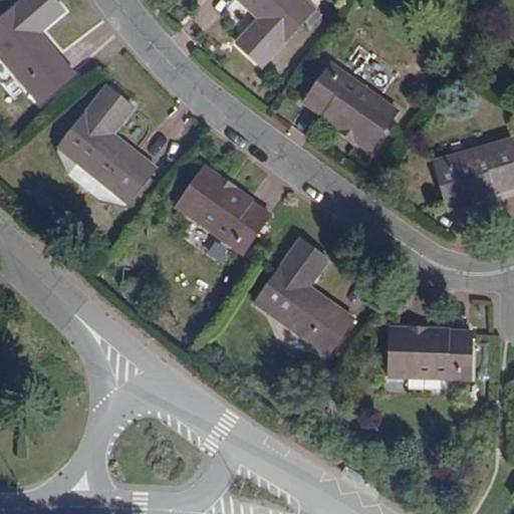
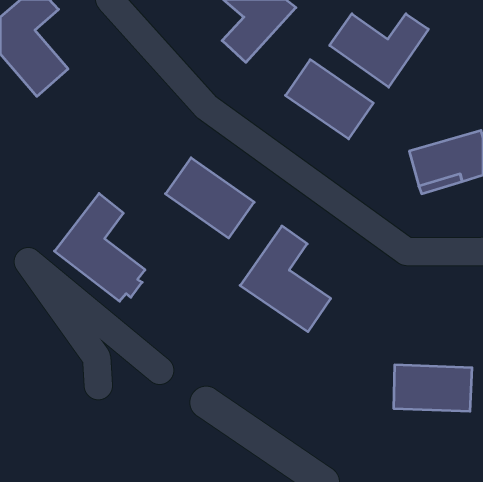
building: none -> [330,14,428,87]
building: [58,86,155,201] -> [54,193,145,301]
building: [389,329,472,378] -> [394,365,472,411]

